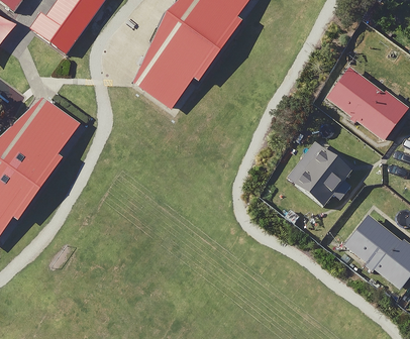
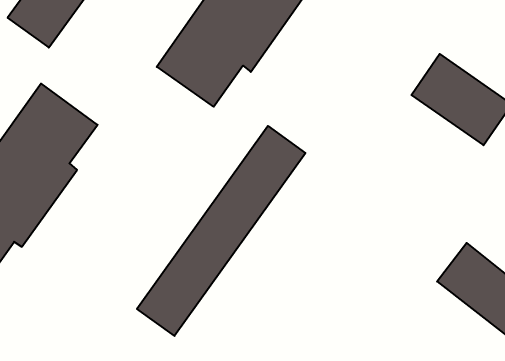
building: none -> [137,126,305,336]
building: [295,145,356,207] -> none

